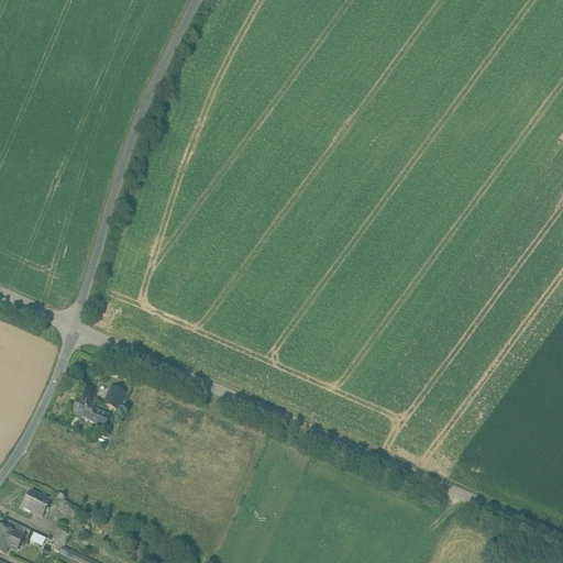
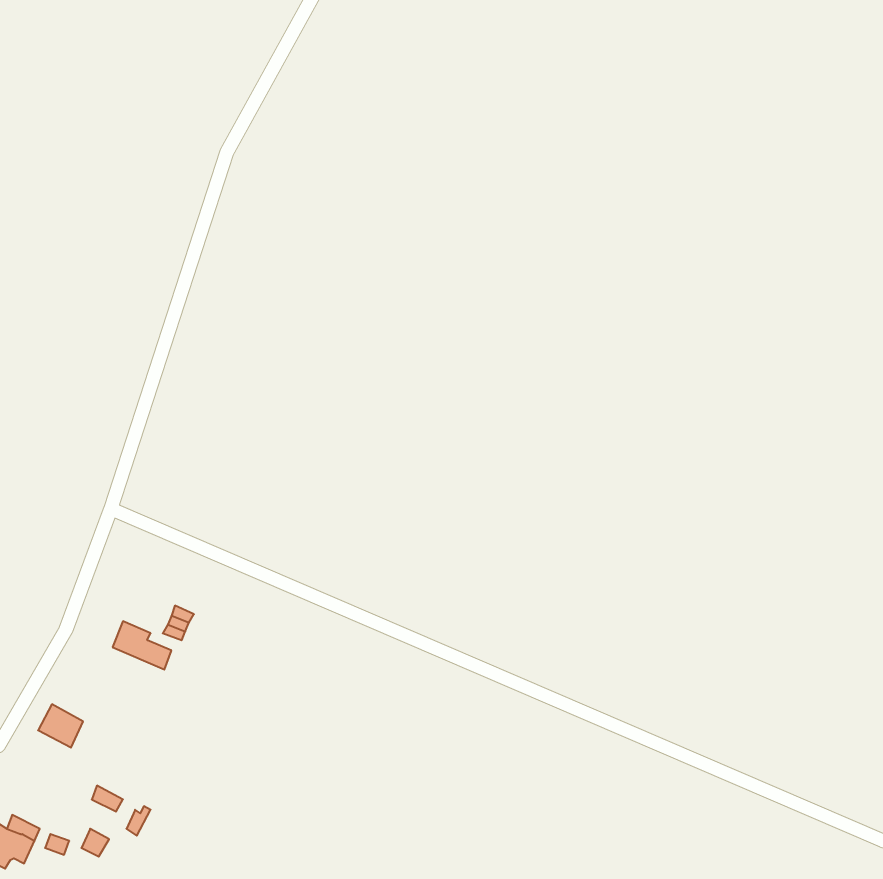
building: [21,488,49,516] -> [38,704,83,748]

